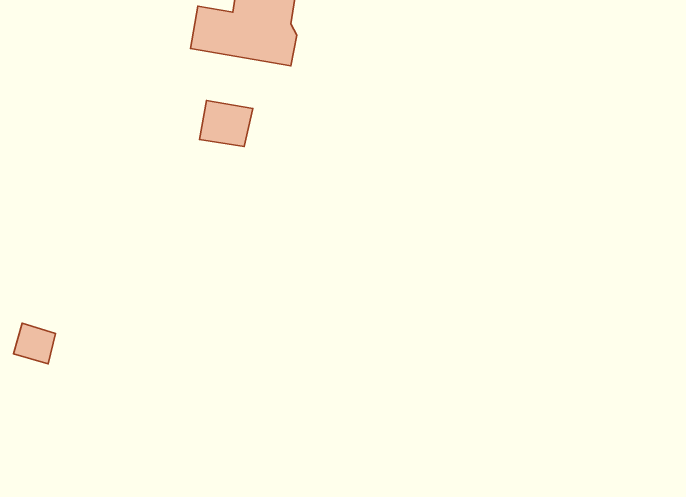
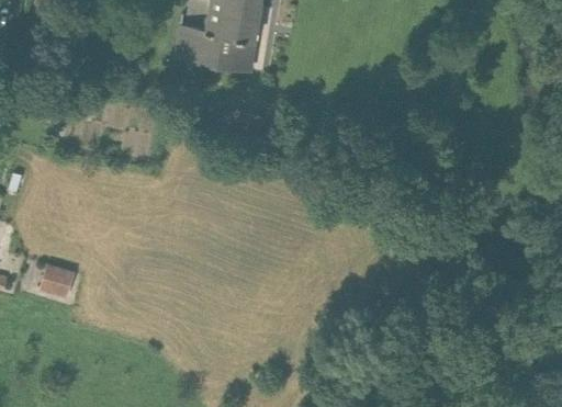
building: [200,100,253,147] -> none

